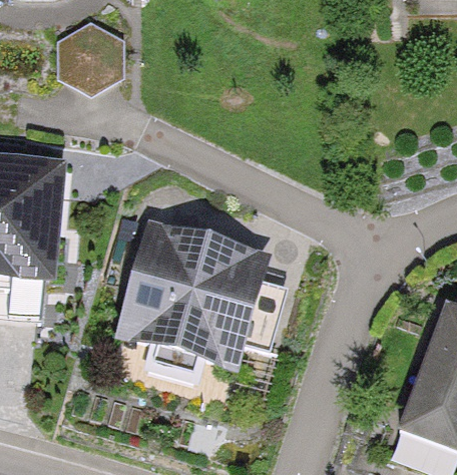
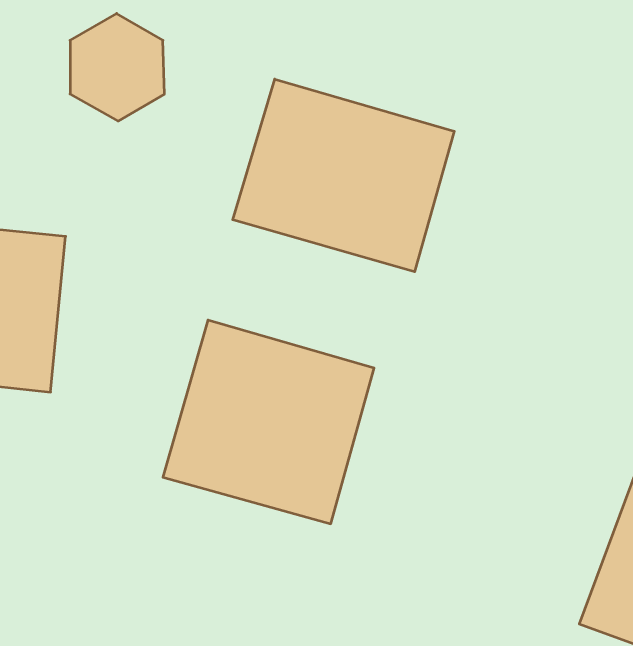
building: none -> [233,79,454,272]

